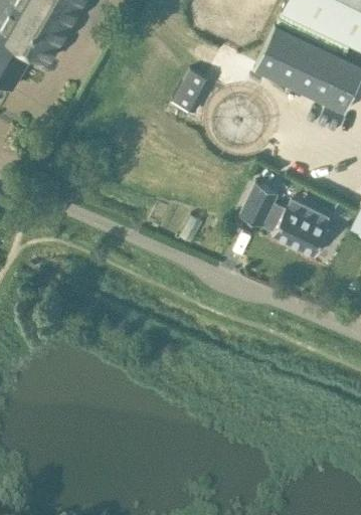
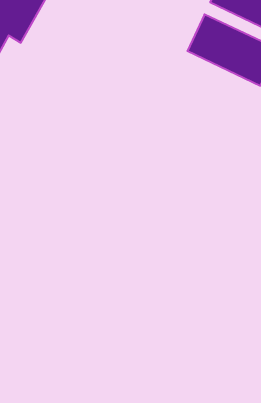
building: [171,68,206,112] -> none
building: [239,182,330,256] -> none

